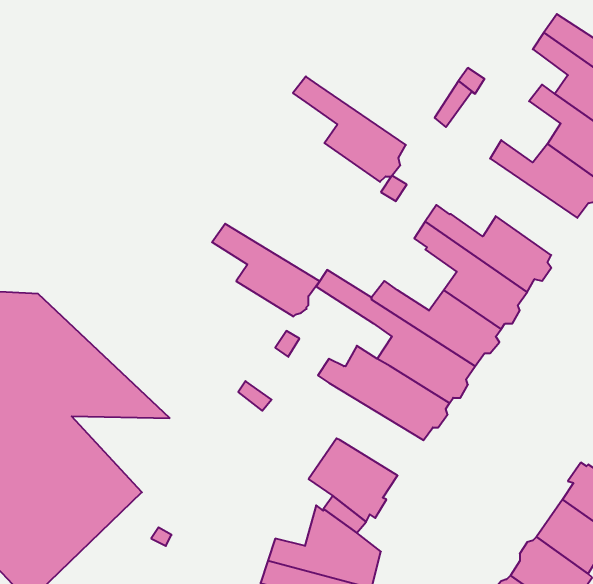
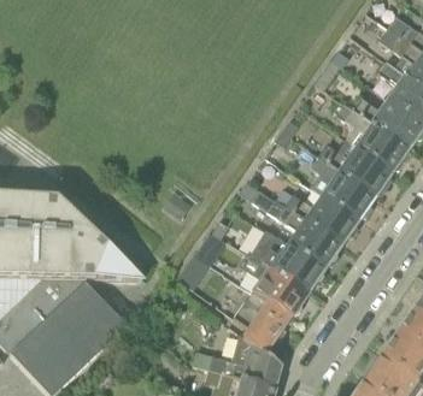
building: [293,76,406,182] -> [335,102,409,171]
building: [212,224,320,316] -> [239,254,309,314]

